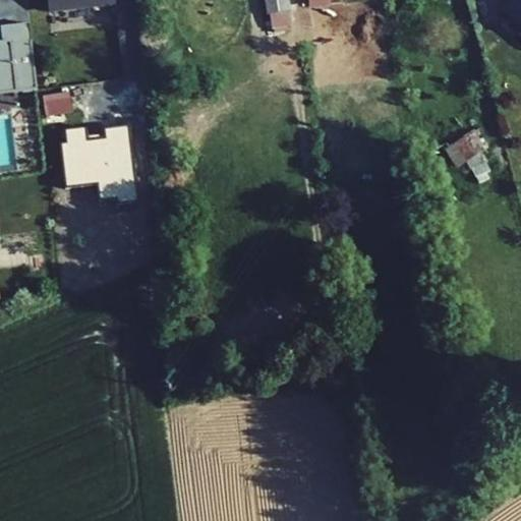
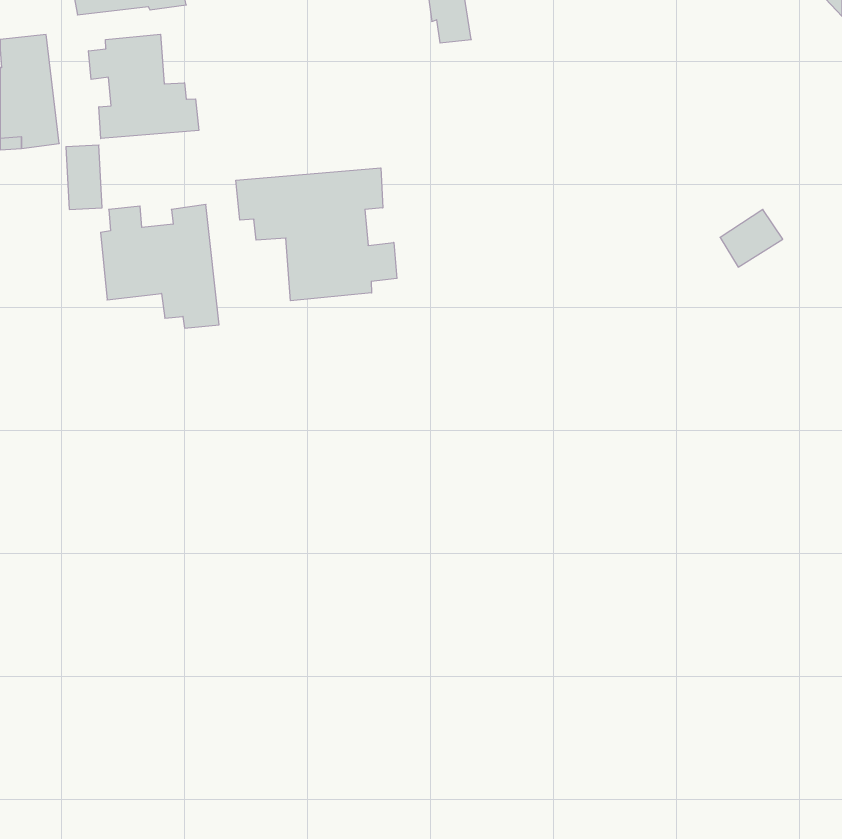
building: none -> [89,34,199,139]
building: none -> [236,168,397,301]

